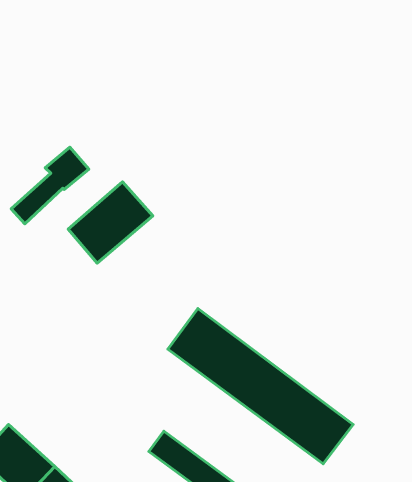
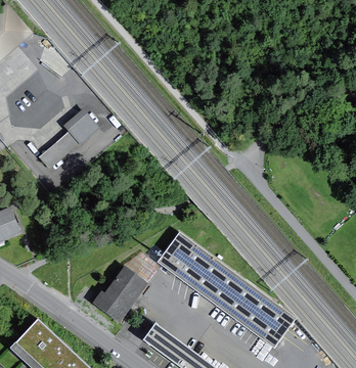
building: [68,182,153,263] -> none
building: none -> [94,258,151,319]

